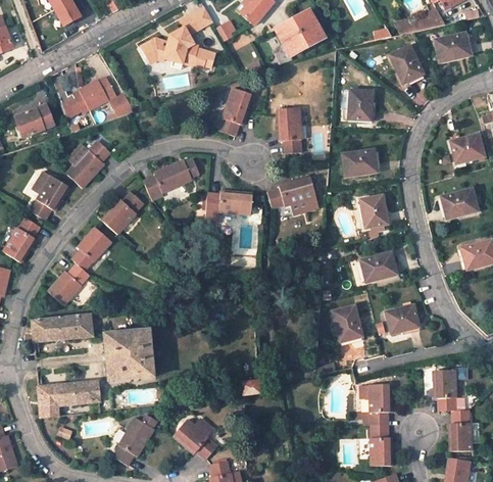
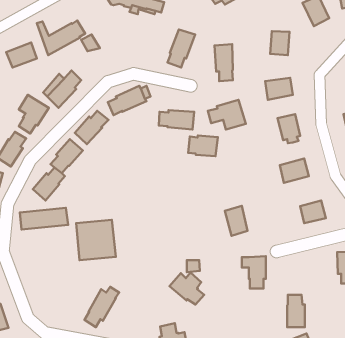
building: none -> [188,135,218,156]
building: [333,304,361,342] -> [225,206,248,236]
building: [38,381,99,417] -> none
building: [360,383,391,424] -> [242,256,266,289]
building: [172,418,216,459] -> [170,272,204,305]

